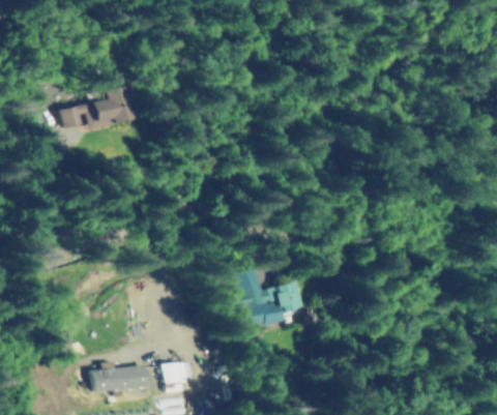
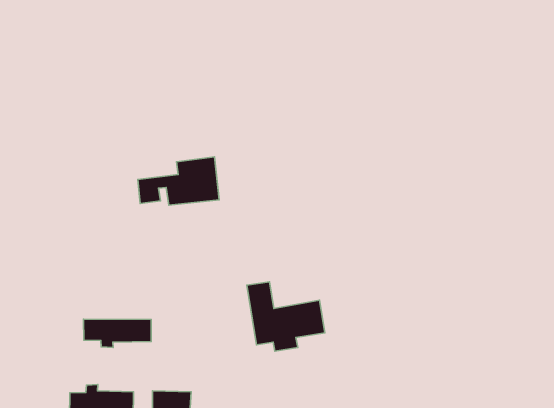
building: [65,86,134,128] -> [138,157,219,205]
building: none -> [84,319,151,347]

